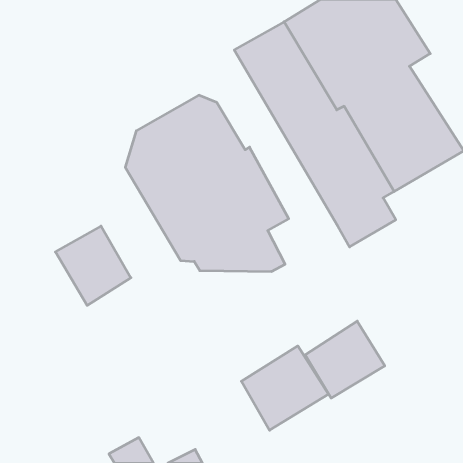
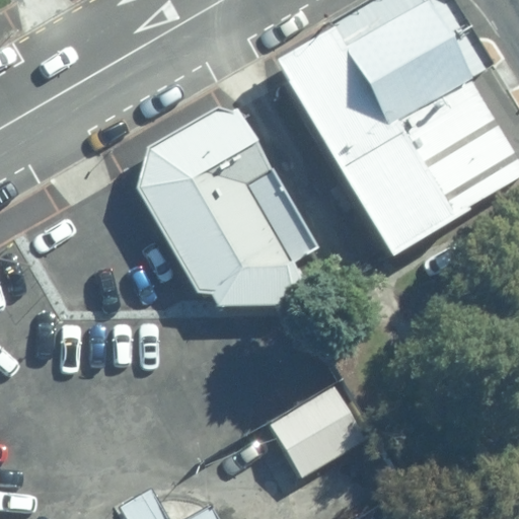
building: [55,226,131,305] -> none
building: [305,321,385,398] -> none

